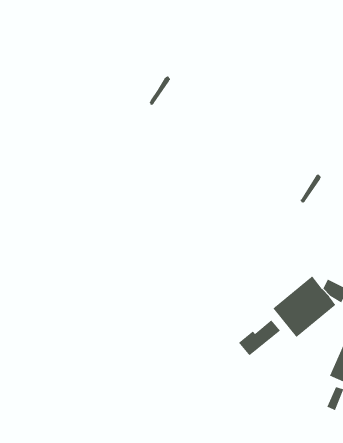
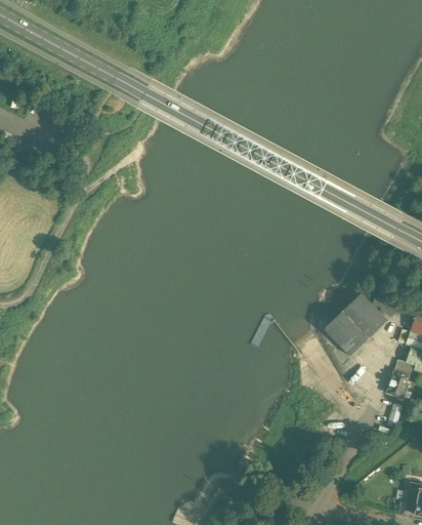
building: [238,319,281,356] -> none

